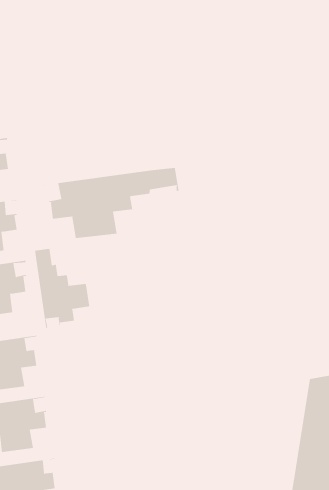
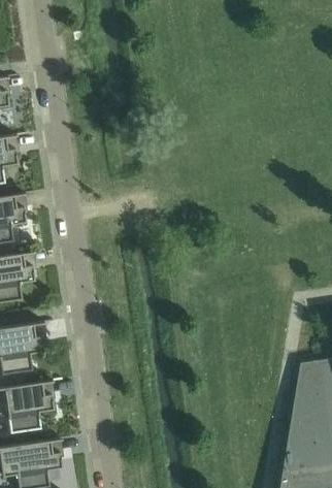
building: [43,167,179,239] -> none
building: [34,248,90,329] -> none

